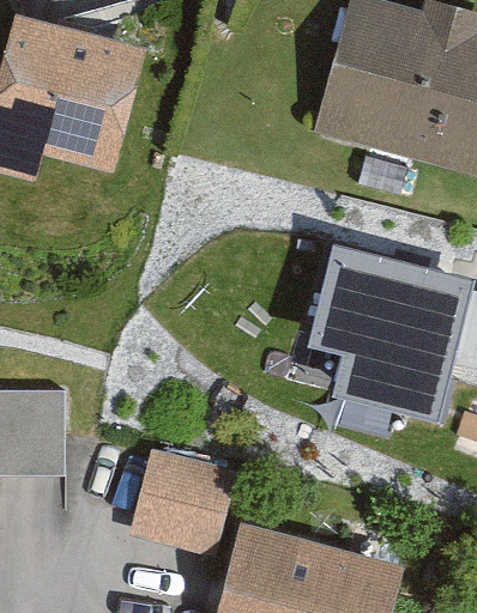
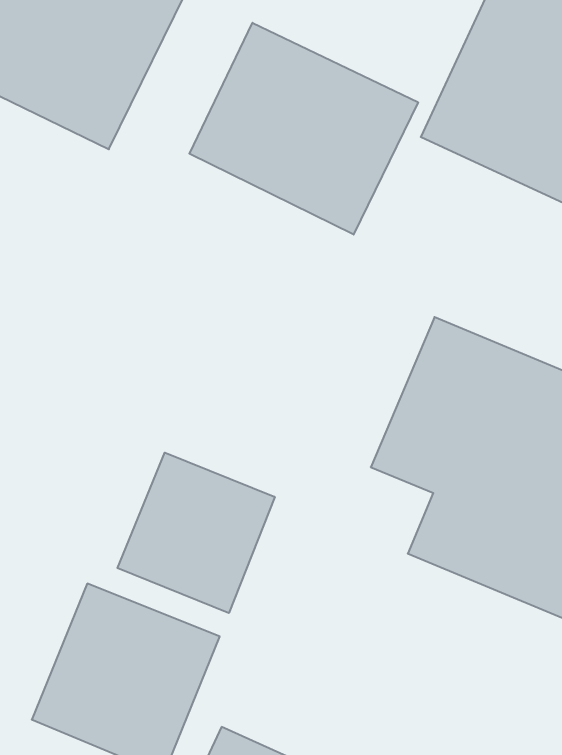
building: none -> [189,23,418,235]
building: none -> [117,453,275,613]

